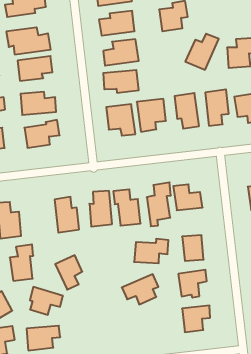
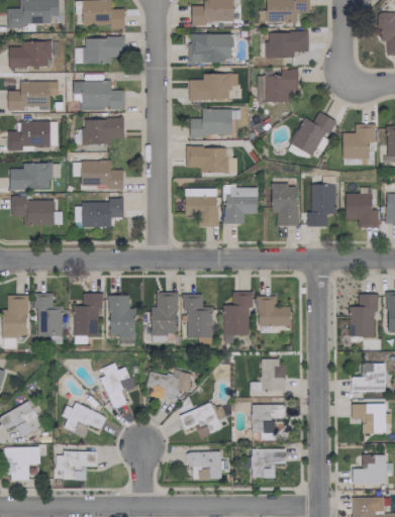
building: [134,239,168,263] -> [145,371,191,401]
building: [10,244,33,281] -> [74,293,103,335]
building: none -> [187,451,222,480]

